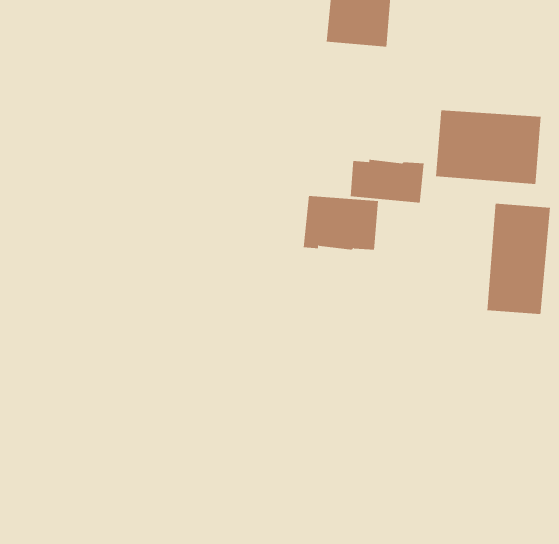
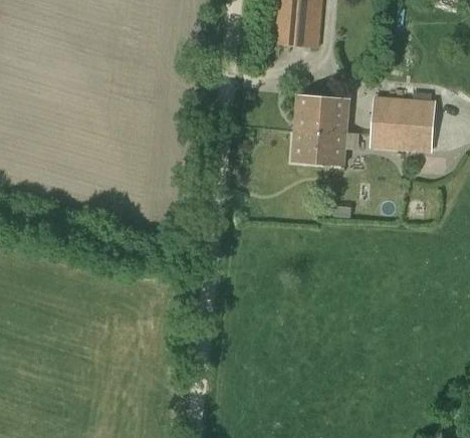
building: [303,195,379,250] -> [293,94,350,136]
building: [487,203,550,315] -> none

